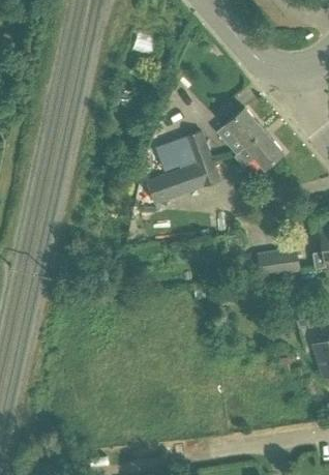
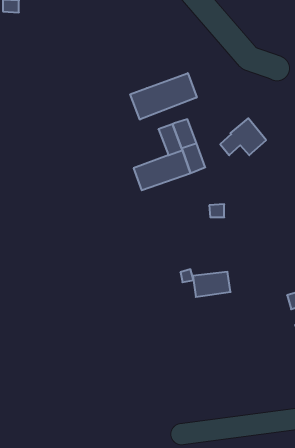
building: none -> [130,73,197,120]
building: [226,108,264,146] -> none
building: [258,248,297,274] -> [193,272,231,297]

